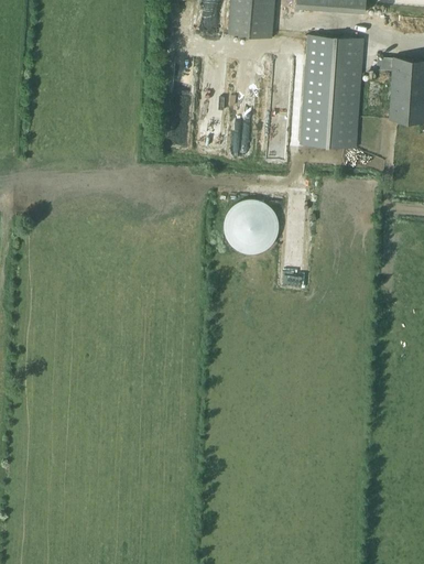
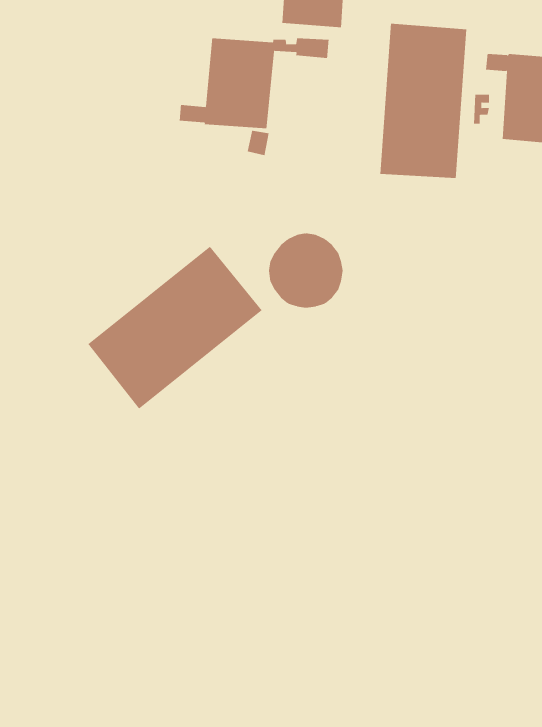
building: none -> [179,38,329,129]
building: none -> [88,246,263,409]

